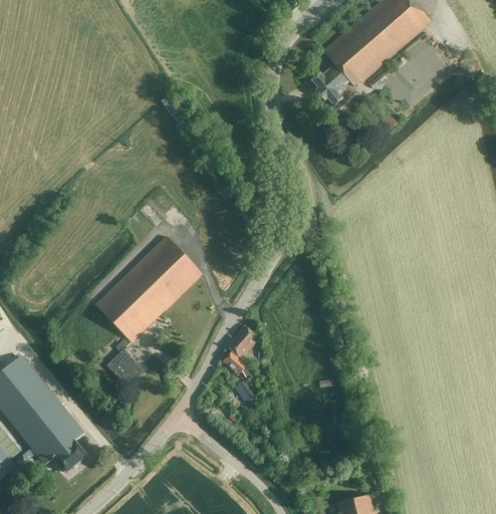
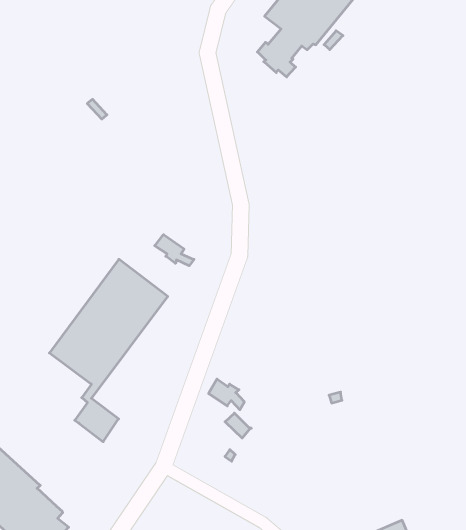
building: none -> [155,235,194,266]
building: [227,324,259,357] -> none

